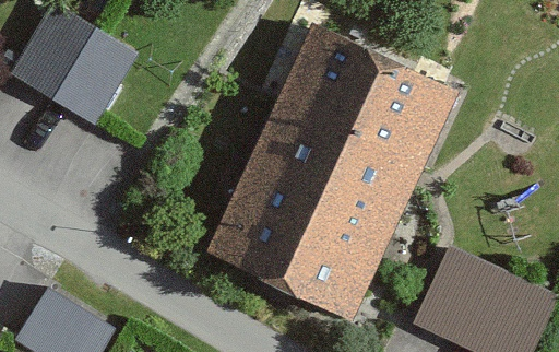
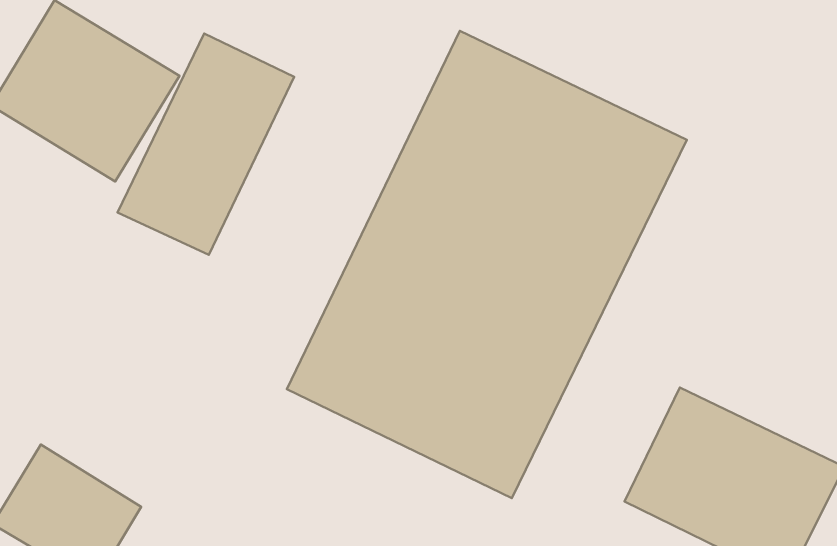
building: none -> [118,33,294,255]

